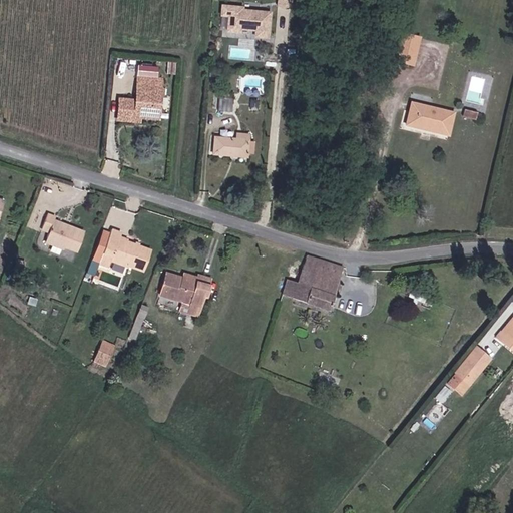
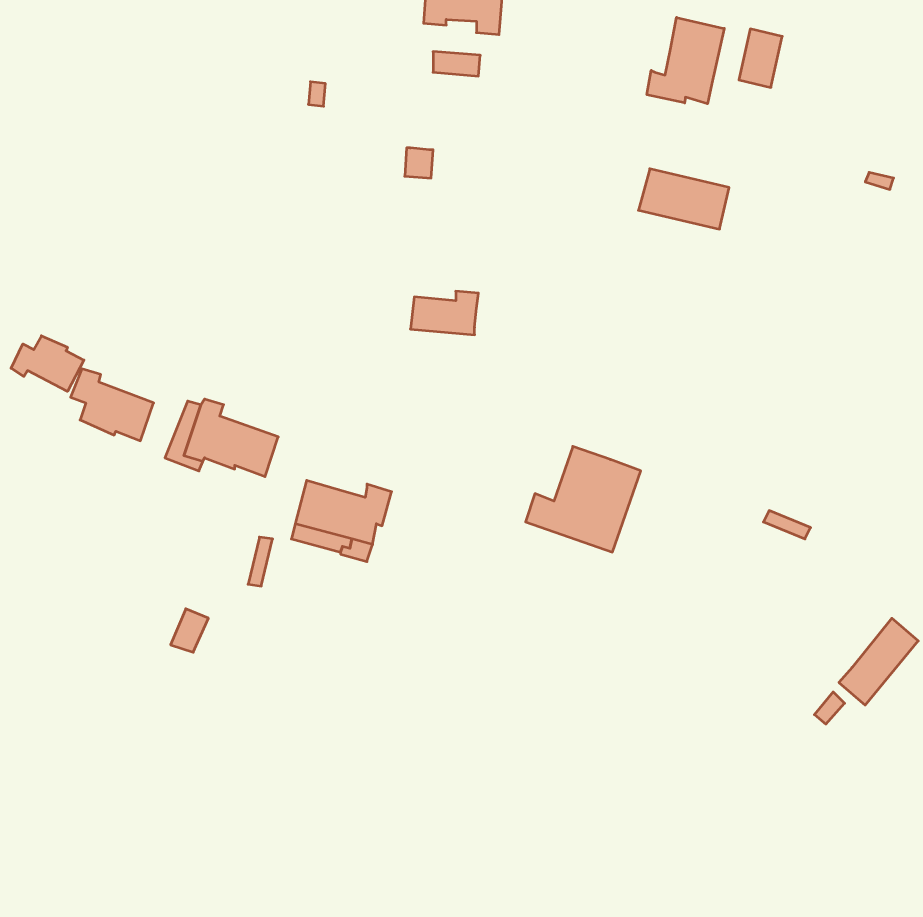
building: none -> [647,17,724,104]
building: [117,76,162,120] -> none
building: [406,102,454,134] -> [638,169,729,229]
building: [213,133,249,156] -> [410,291,478,335]
building: none -> [11,336,84,391]

